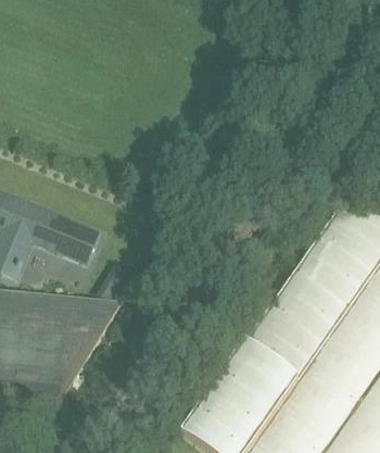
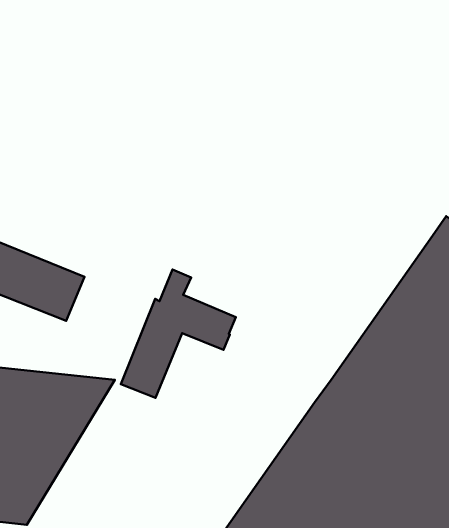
building: none -> [121,269,236,398]

